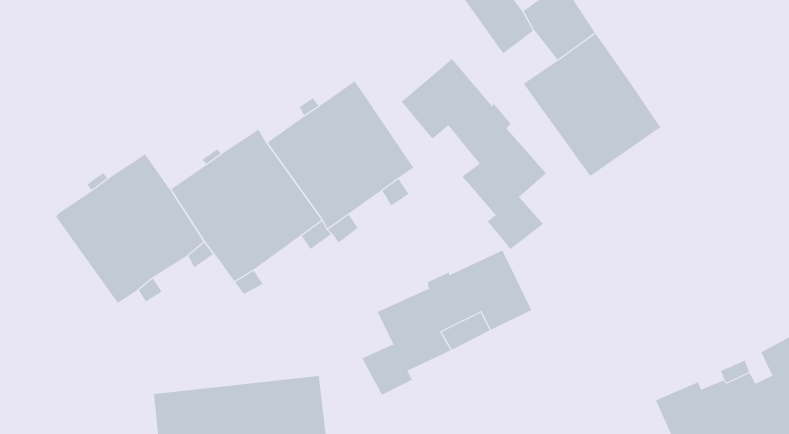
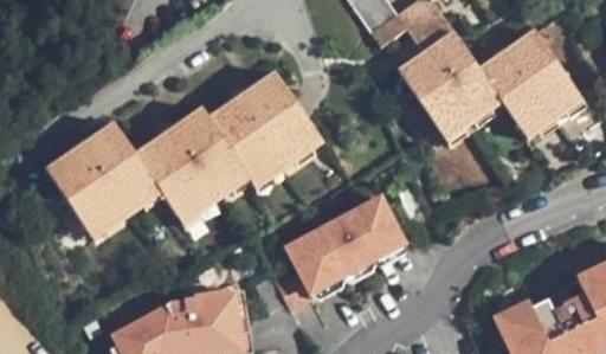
building: none -> [483,32,586,140]
building: [401,58,547,250] -> none

